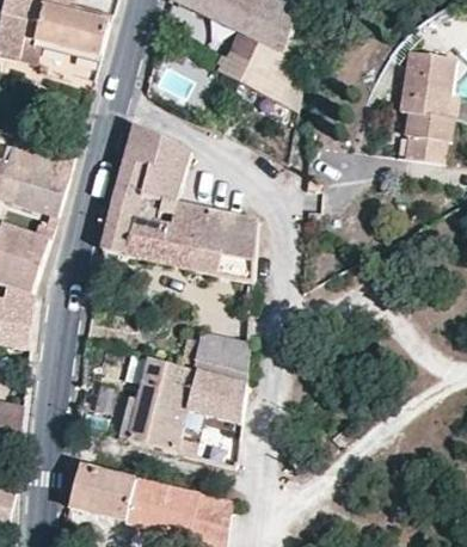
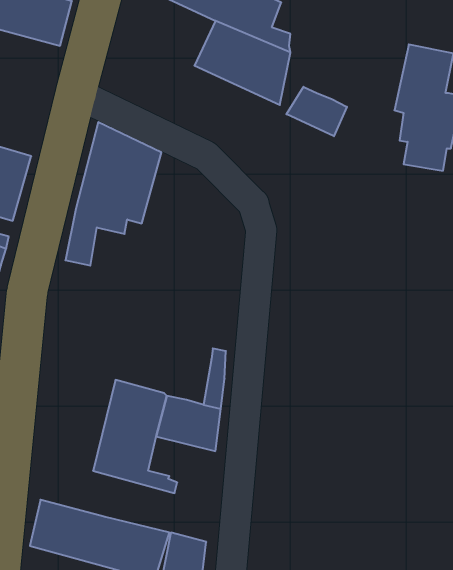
building: none -> [286,87,347,136]
building: [125,202,256,283] -> none
building: [192,327,235,380] -> none

